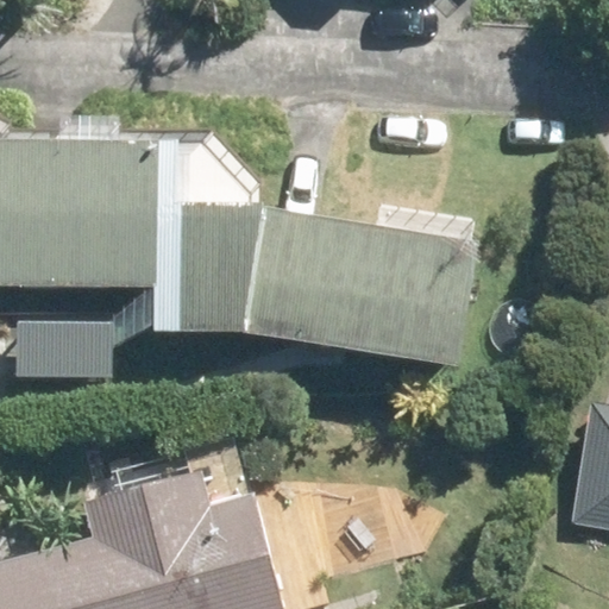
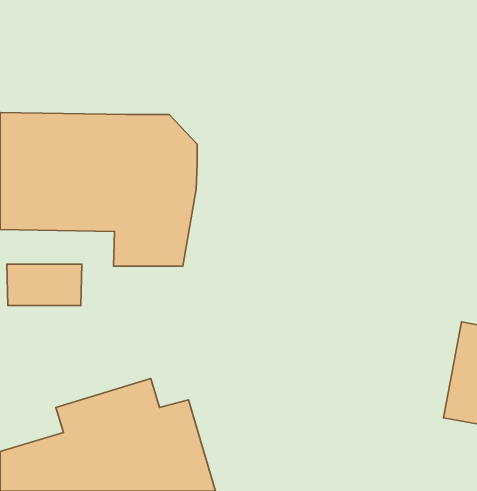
building: [244,202,478,370] -> none

